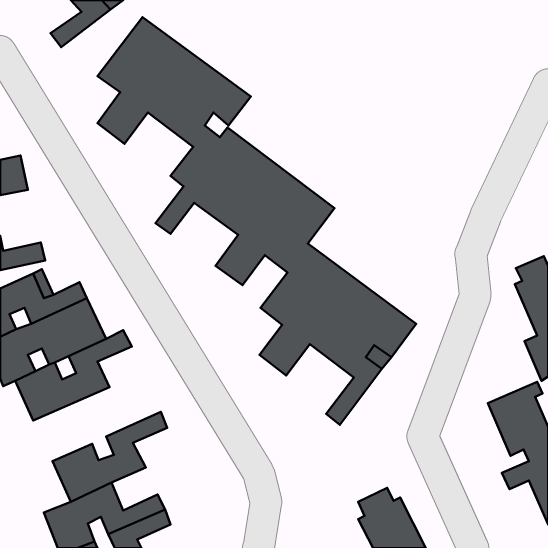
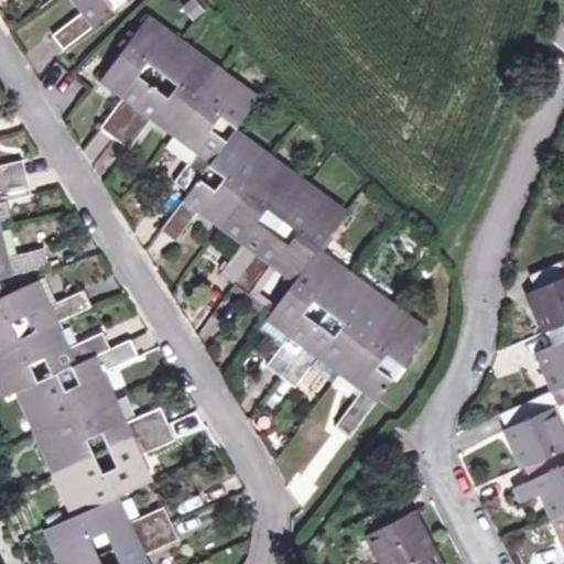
building: none -> [34,398,165,474]

